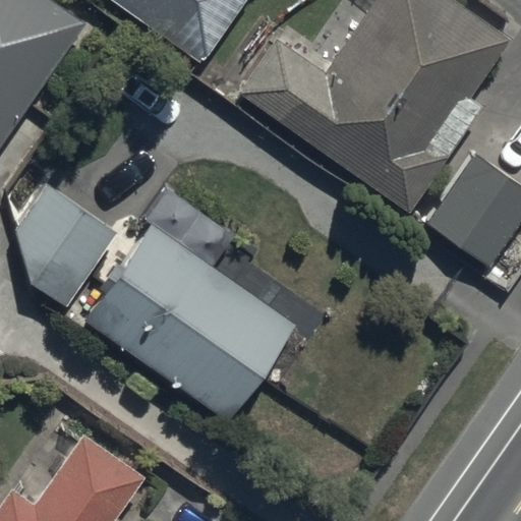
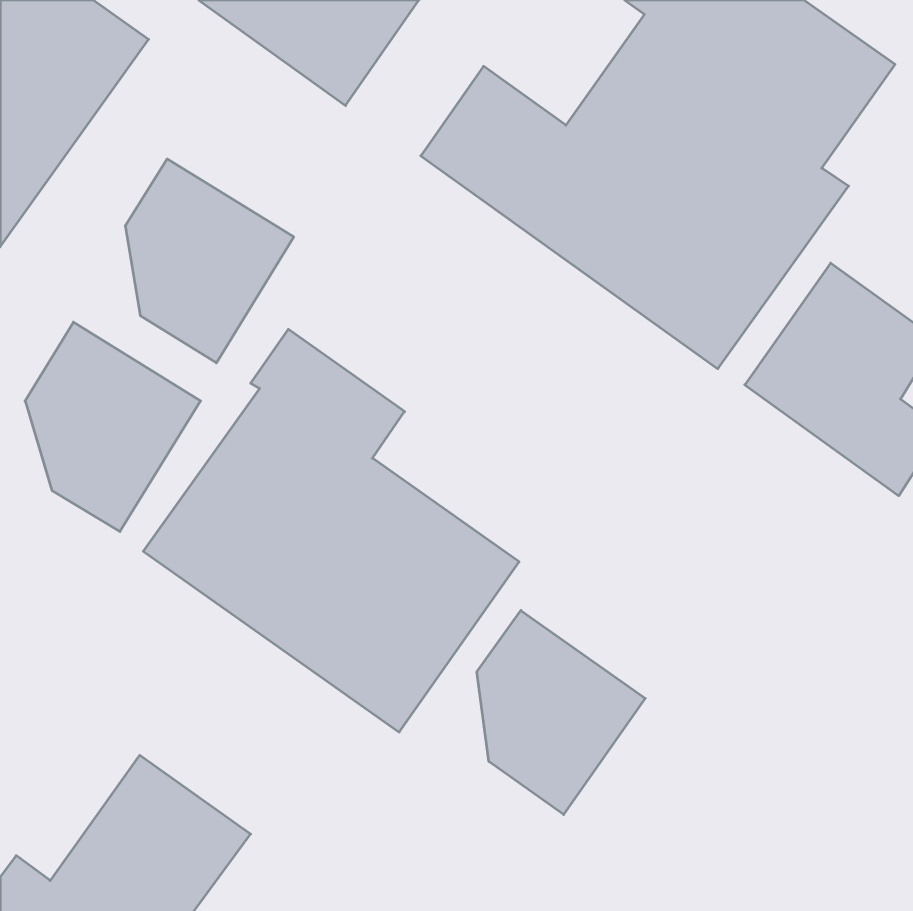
building: none -> [125,159,294,363]
building: none -> [477,610,645,815]

